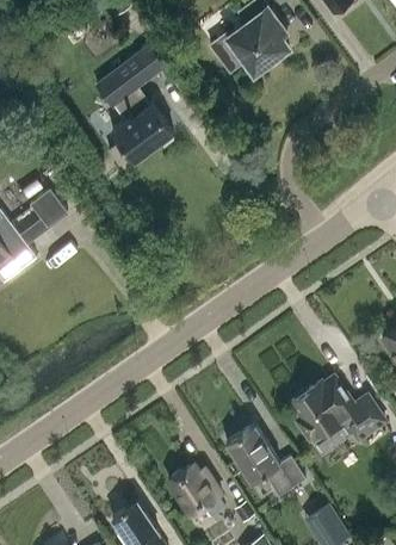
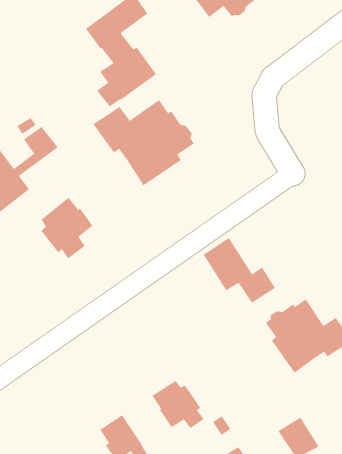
building: none -> [92,99,194,186]
building: none -> [41,197,93,259]
building: [225,425,304,496] -> [203,237,276,303]

